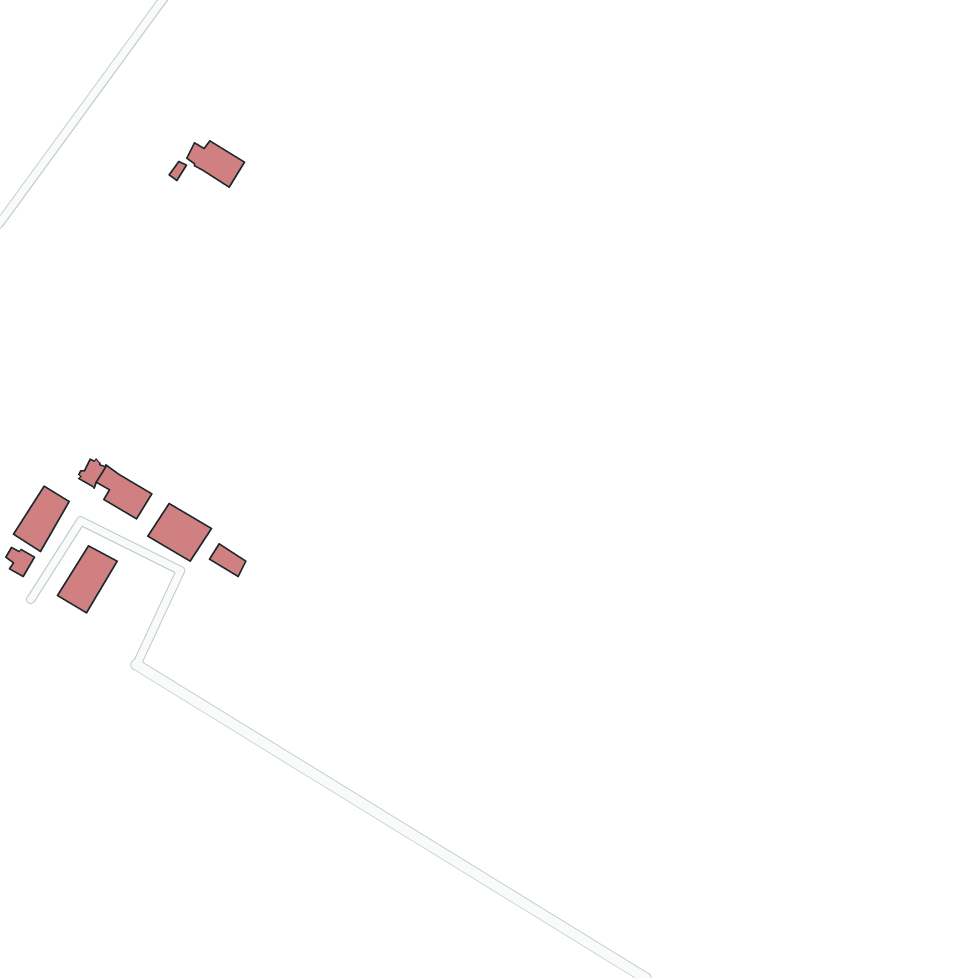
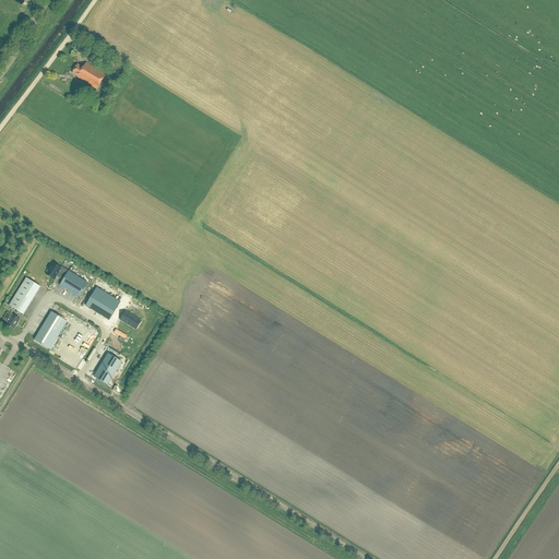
building: [187,141,244,187] -> [72,61,105,87]
building: none -> [93,352,121,383]

